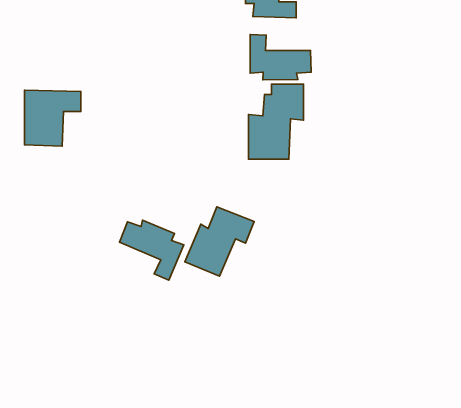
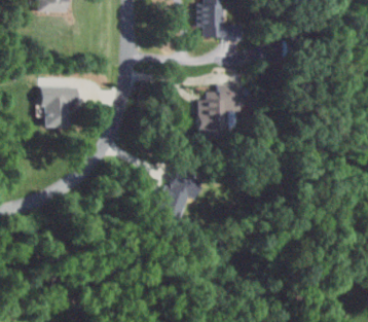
building: [250,35,311,80] -> none
building: [119,220,184,280] -> none

